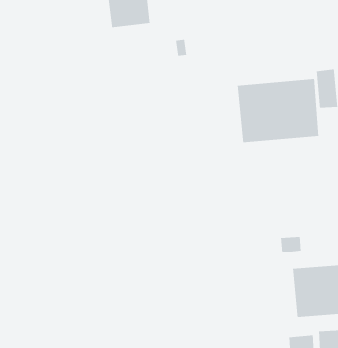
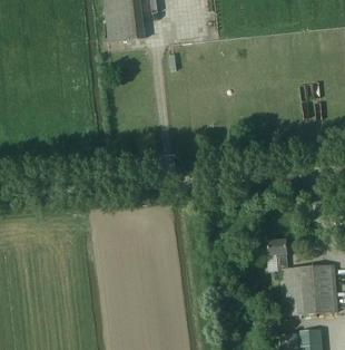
building: [237,78,319,143] -> none

